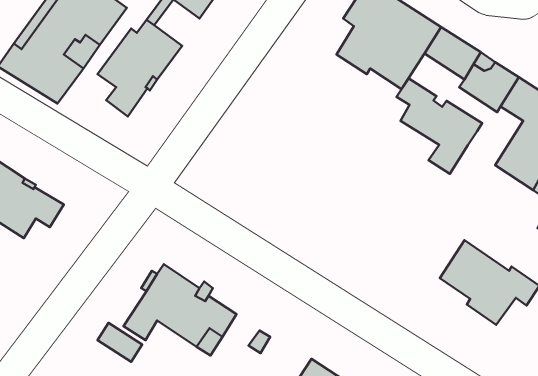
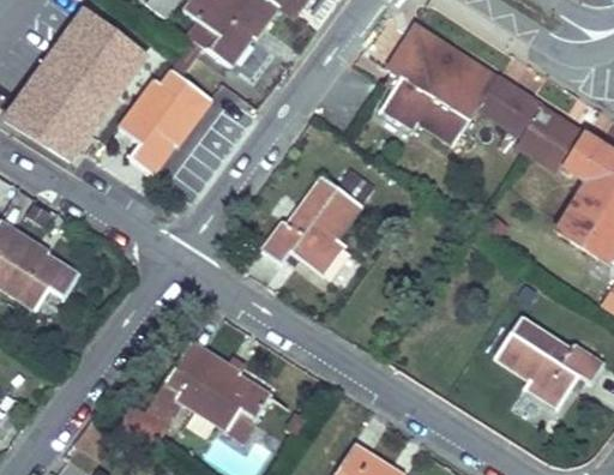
building: [397,79,482,174] -> none
building: none -> [261,175,362,275]

